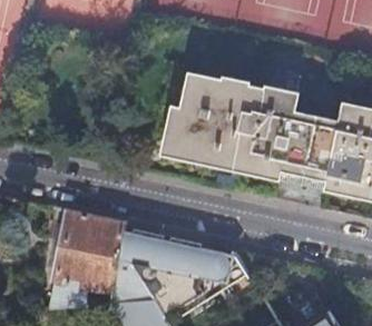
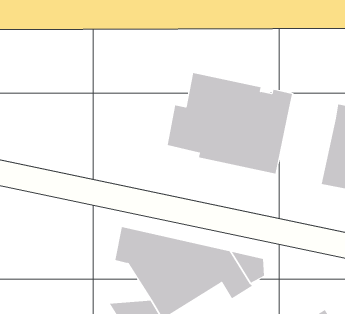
building: [277,112,336,187] -> none
building: [47,213,153,312] -> none

